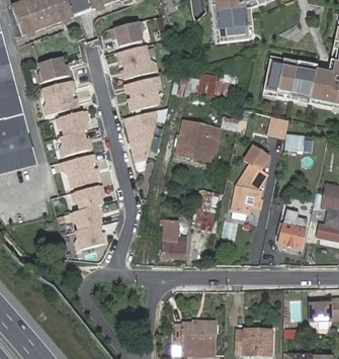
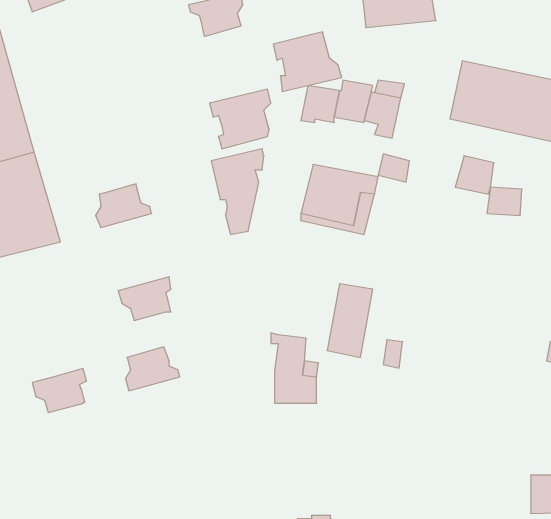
building: [116,46,156,80] -> [273,32,342,92]
building: [37,58,69,83] -> none
building: [43,81,78,116] -> none
building: [55,110,85,137] -> none
building: [233,146,268,212] -> none
building: [59,154,98,188] -> none
building: [69,205,100,231] -> [32,369,87,412]
building: [279,210,309,248] -> none

